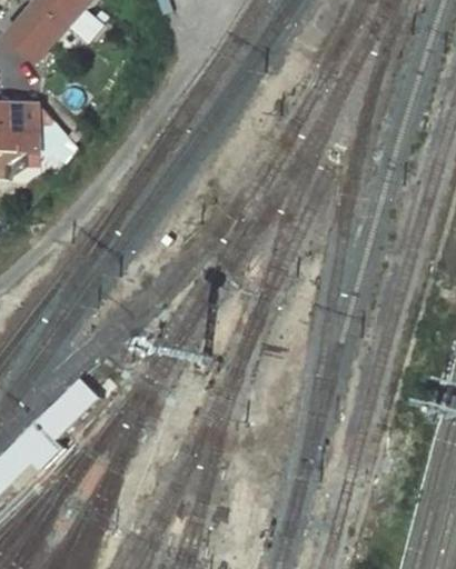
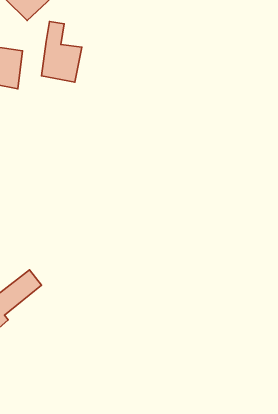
building: none -> [42,21,82,82]

